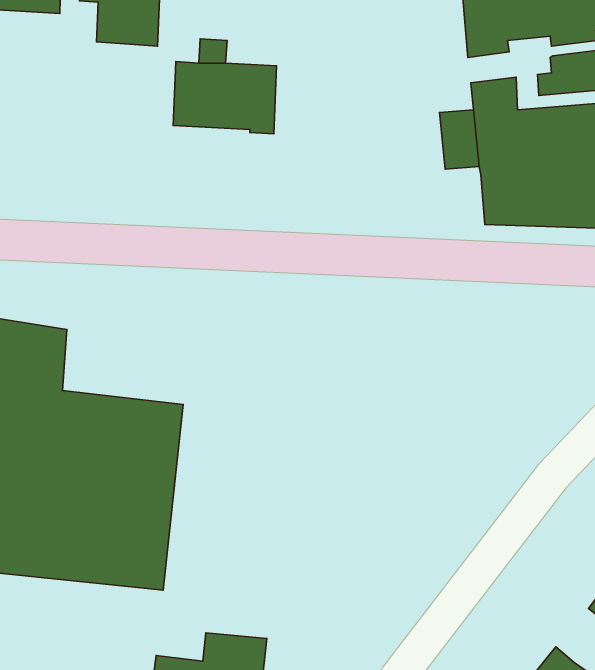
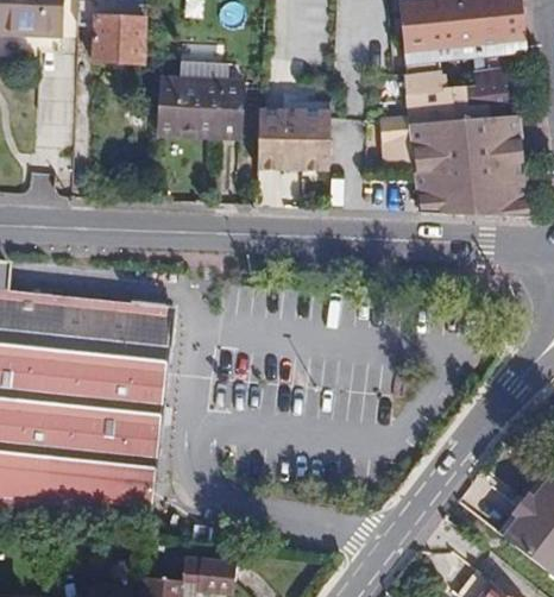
building: none -> [256,107,330,175]
building: none -> [64,300,172,363]

